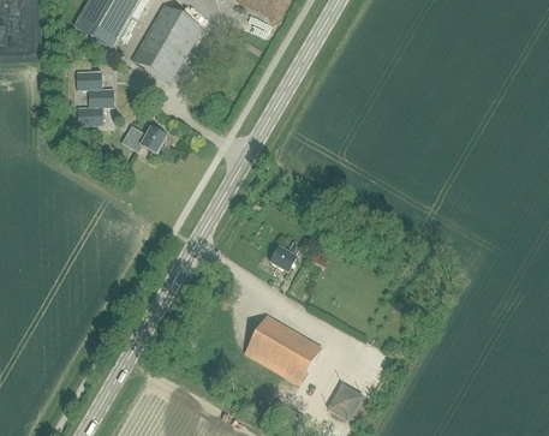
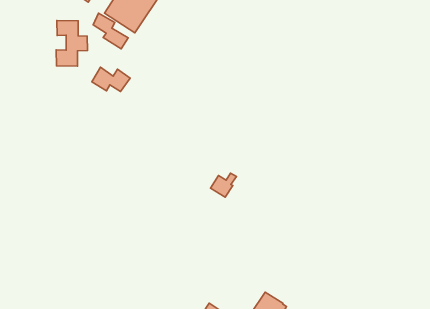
building: none -> [93,13,128,49]
building: [245,313,322,383] -> none

